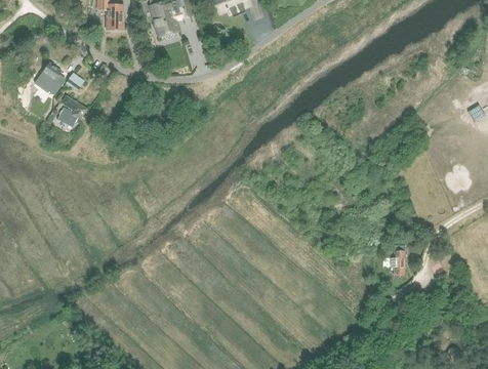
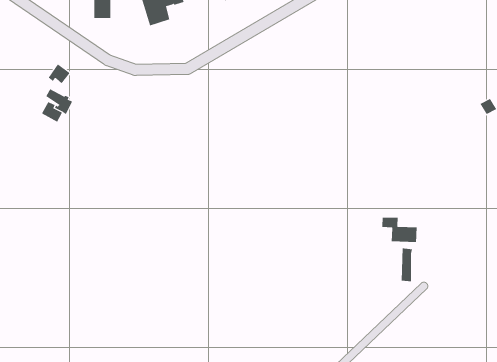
building: [35,62,65,94] -> none
building: none -> [382,217,417,243]

